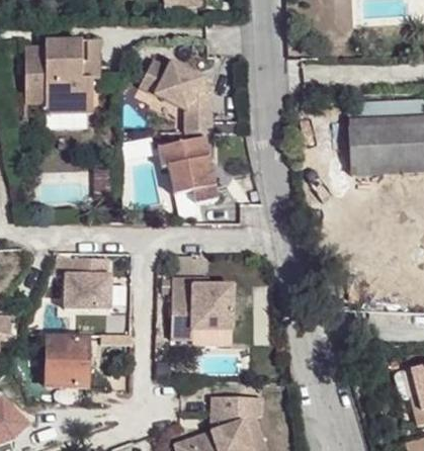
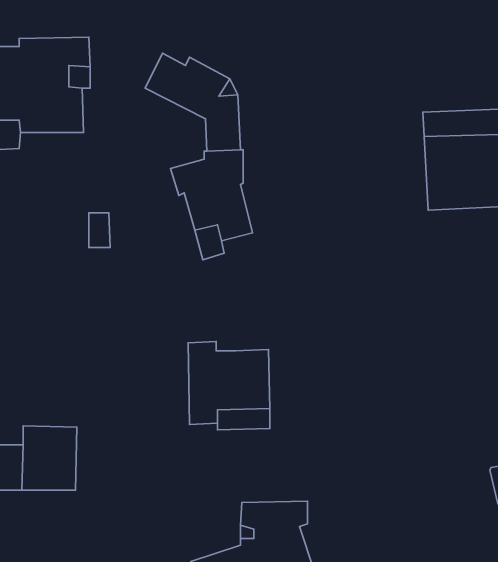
building: [70,252,115,302] -> none

